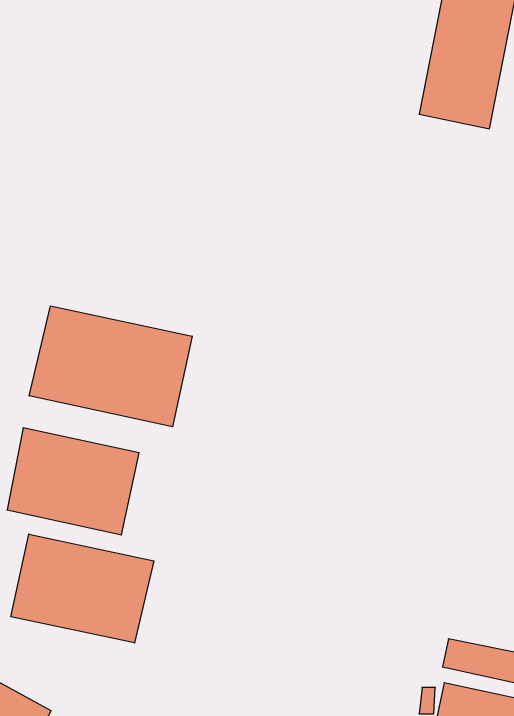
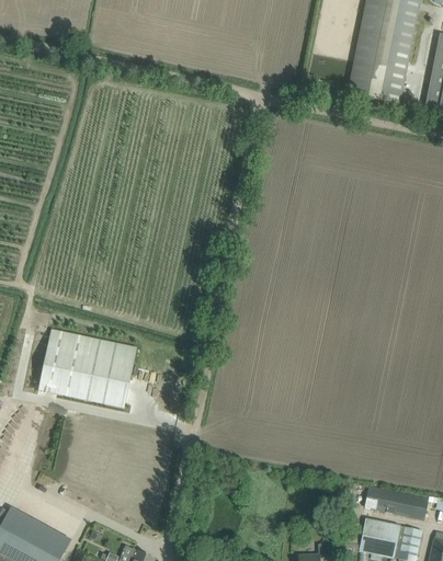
building: [29,306,192,427] -> none
building: [11,534,154,643] -> none

